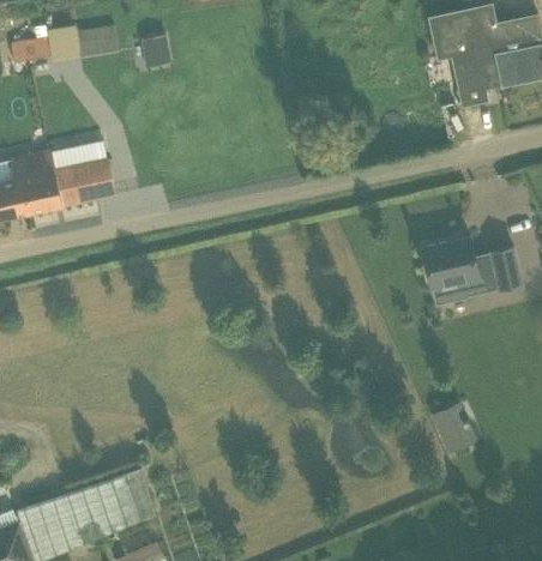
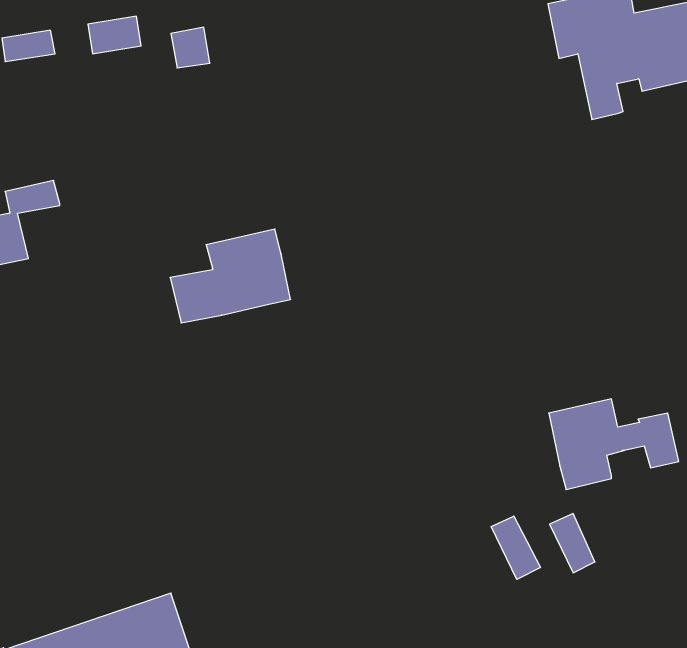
building: [23,139,115,211] -> [170,229,291,323]
building: [422,235,522,304] -> [549,399,679,490]
building: none -> [491,516,540,579]

